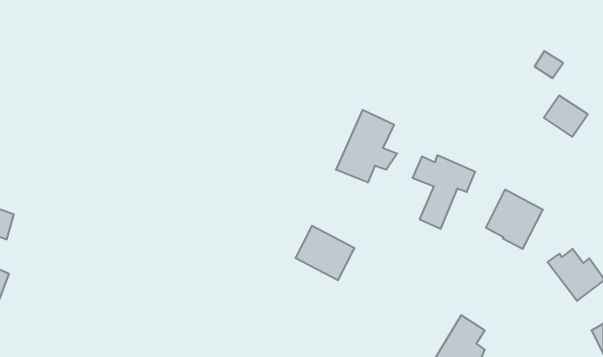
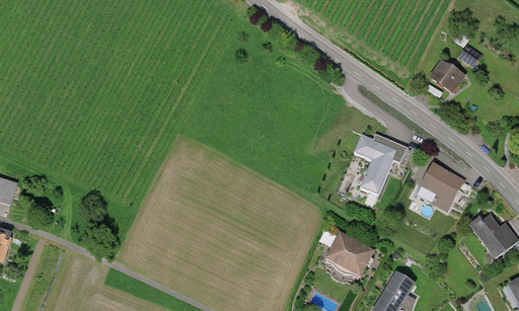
building: [544,95,588,137] -> [429,59,466,94]
building: [336,110,397,183] -> none
building: [295,226,355,280] -> [324,232,375,279]

